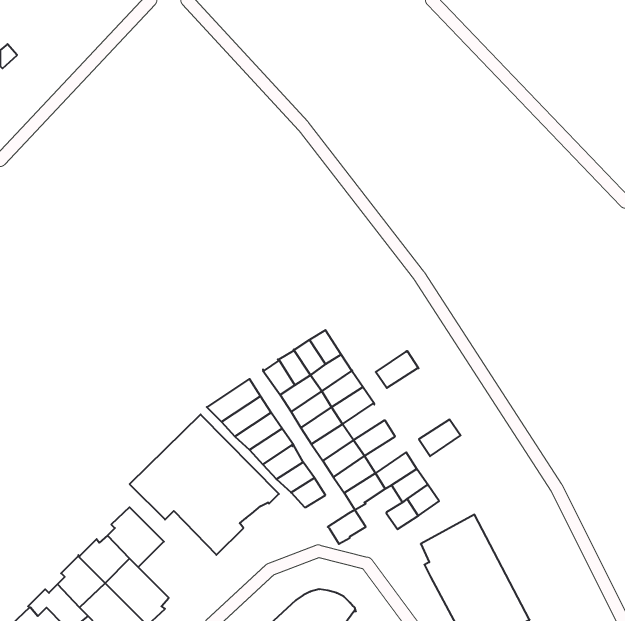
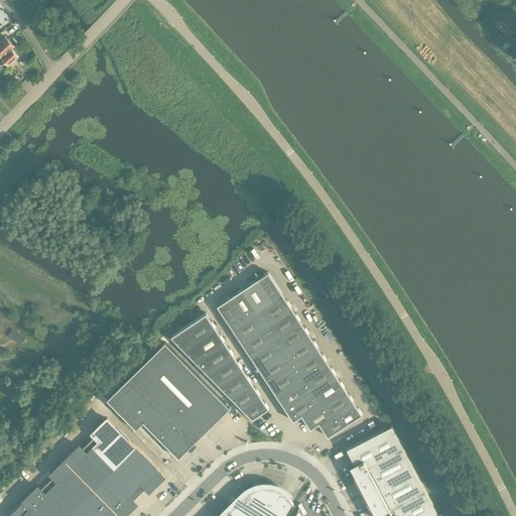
building: [376,351,419,388] -> [282,336,317,366]
building: [419,420,461,456] -> [300,363,335,393]
building: [328,510,366,544] -> [300,403,332,431]
building: none -> [114,449,163,496]

